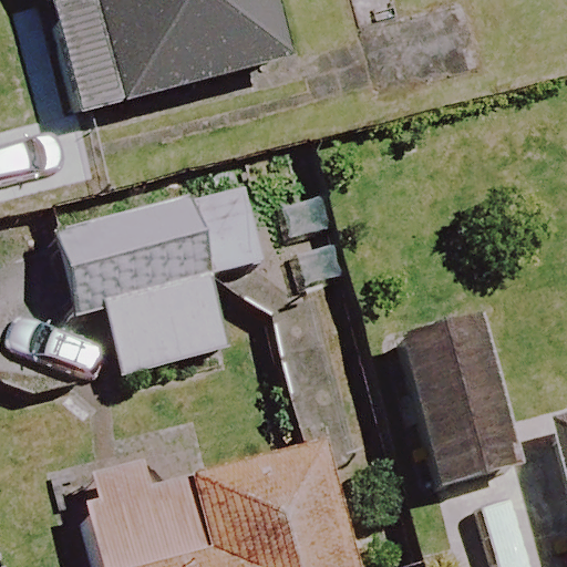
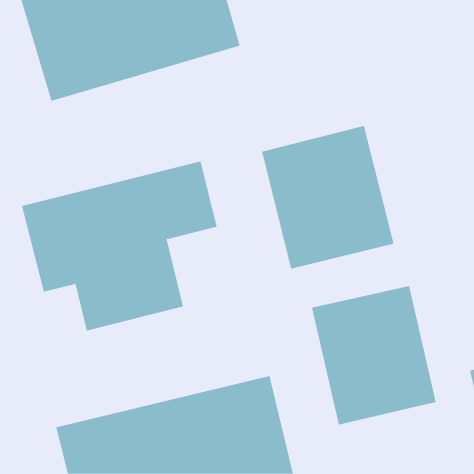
building: none -> [262,125,394,270]

